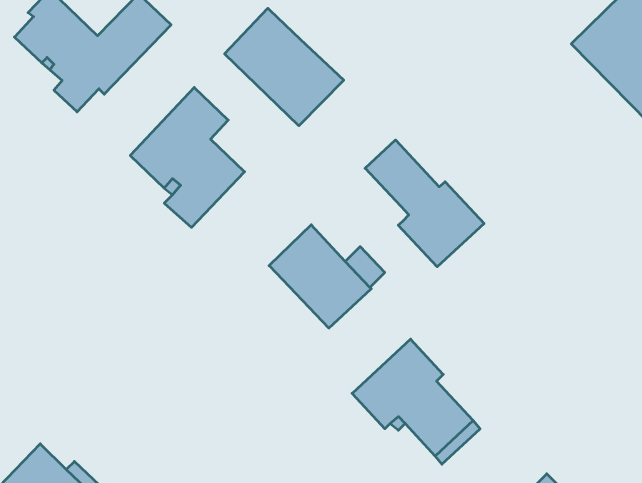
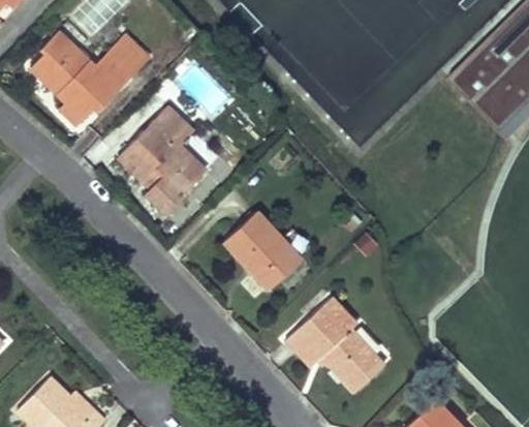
building: [225,8,344,126] -> none
building: [365,140,484,267] -> none

